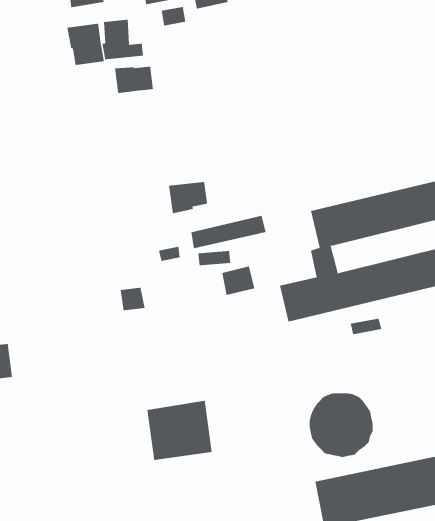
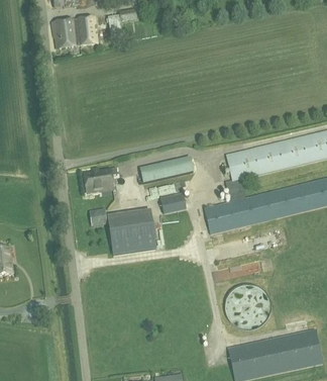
building: [114,66,153,94] -> none
building: [168,181,209,214] -> [84,170,113,193]
building: [146,400,213,461] -> [108,211,155,255]

